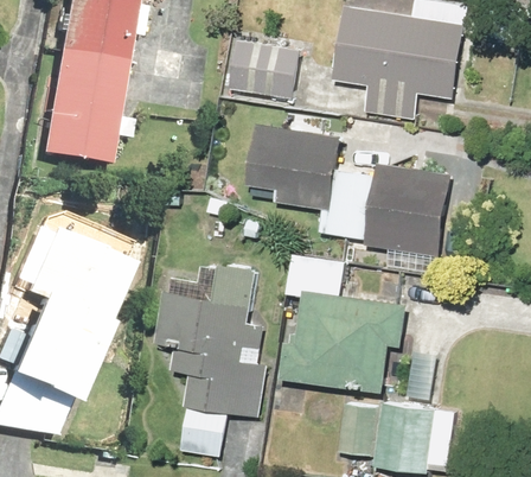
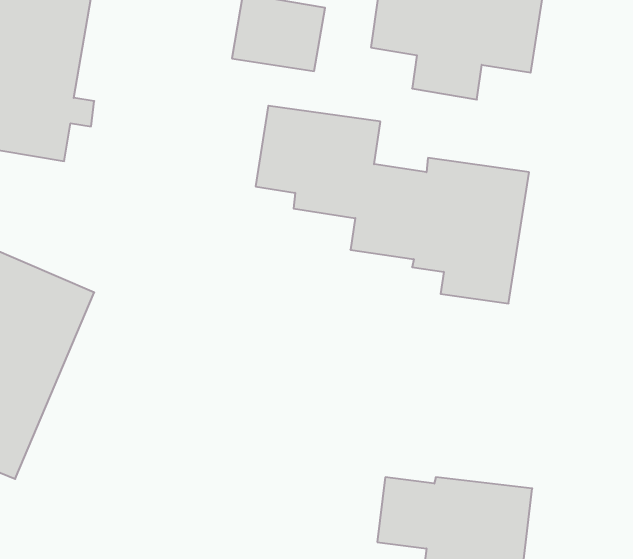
building: [282,255,408,393] -> none
building: [156,263,267,457] -> none

